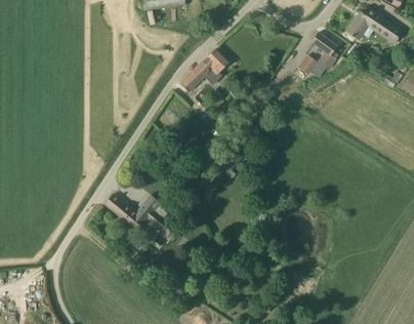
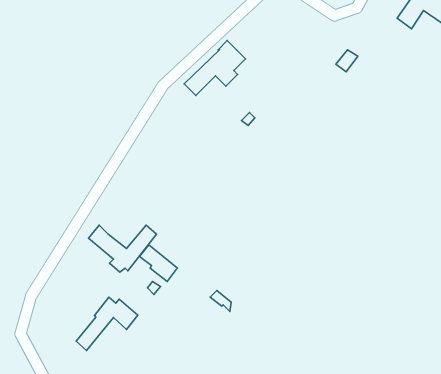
building: [310,31,337,71] -> none
building: none -> [76,297,138,351]

